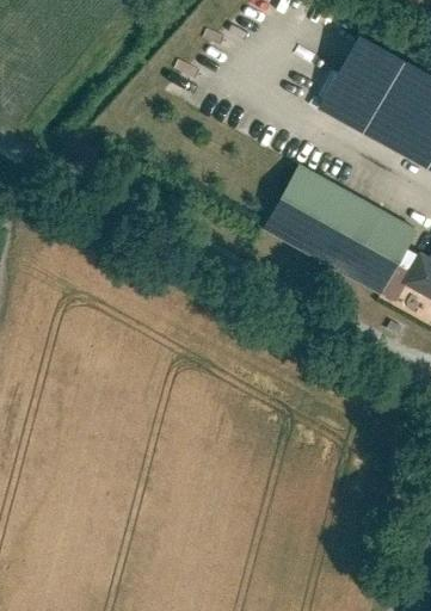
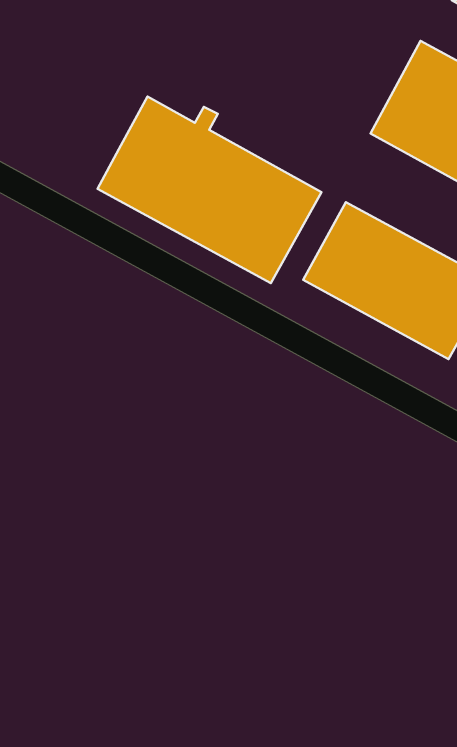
building: none -> [97,97,321,283]

